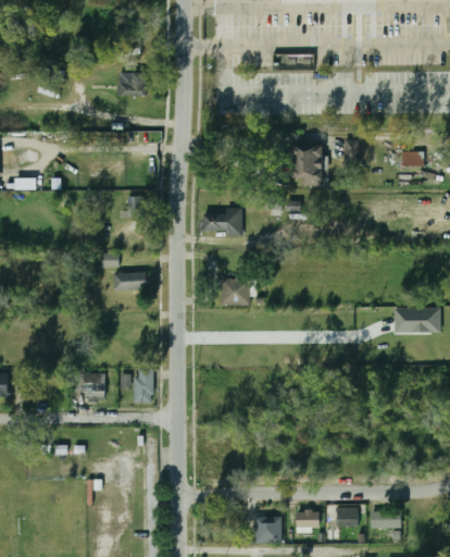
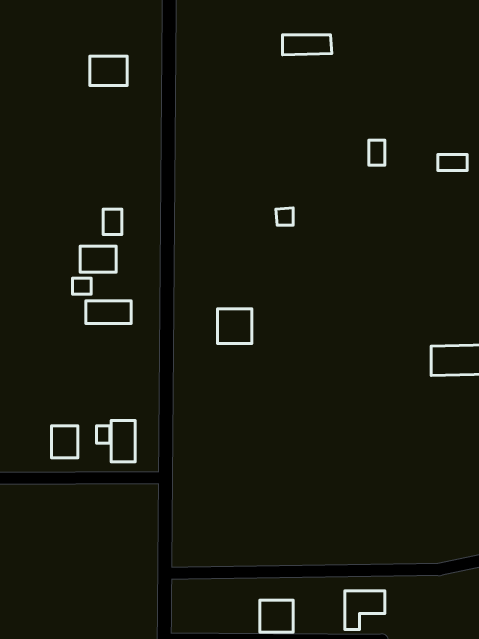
building: [293,144,322,185] -> none
building: [202,210,240,233] -> none
building: none -> [80,246,116,272]
building: [296,510,318,529] -> none
building: [370,511,400,528] -> none

